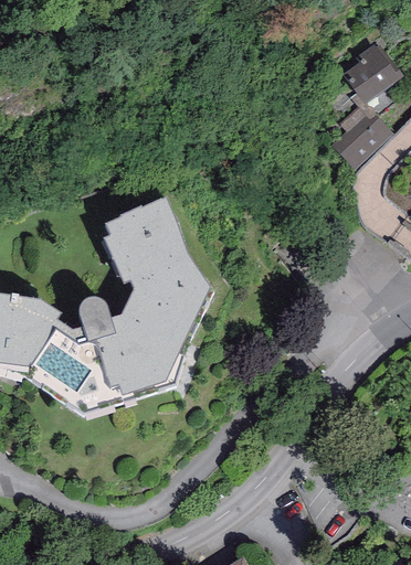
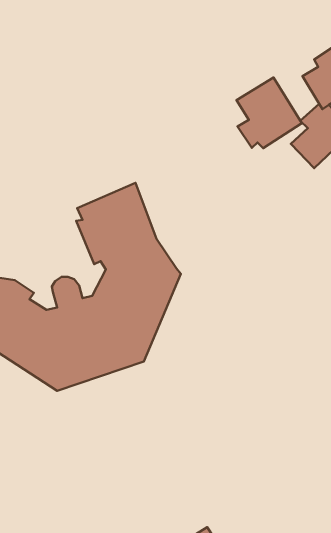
building: none -> [237,77,302,148]

